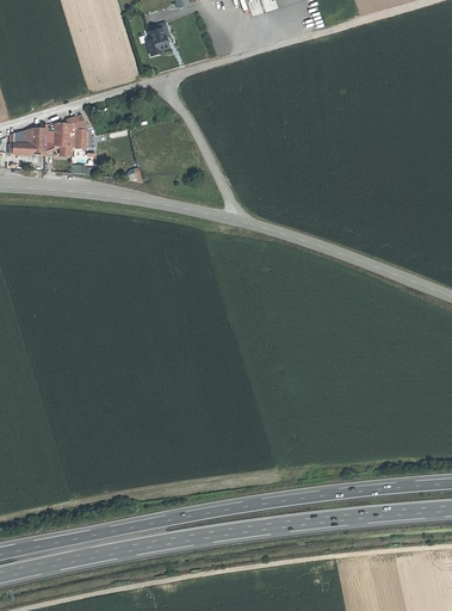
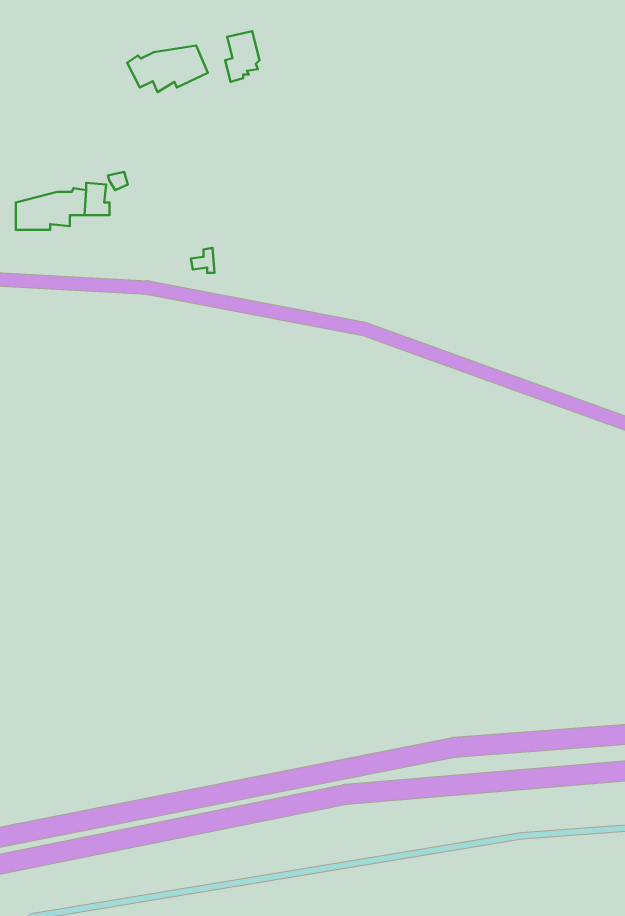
building: none -> [127,45,208,92]

